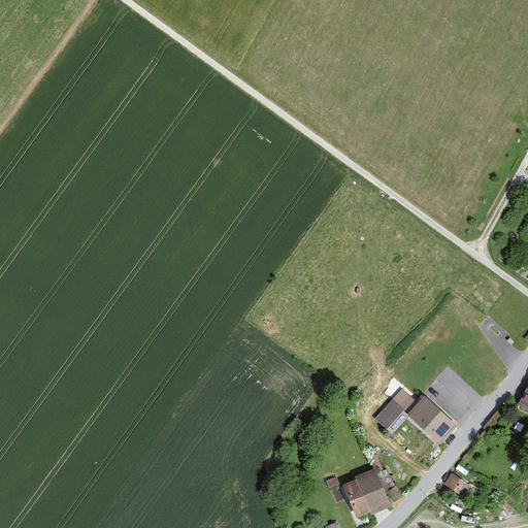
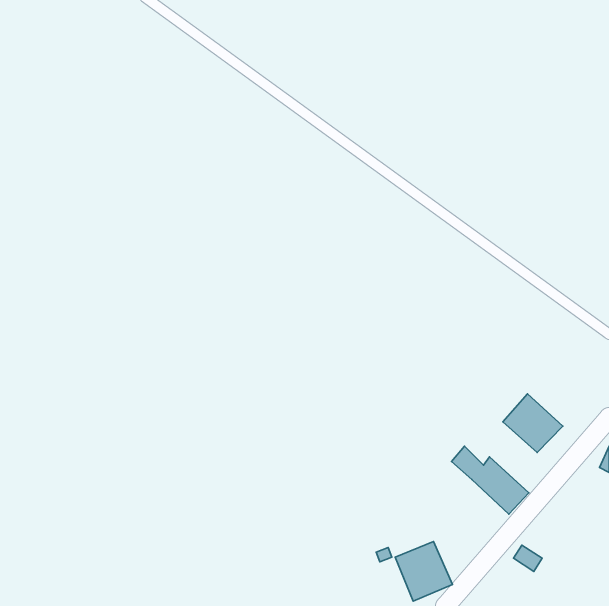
building: none -> [503,394,563,453]
building: [374,399,407,432] -> none

